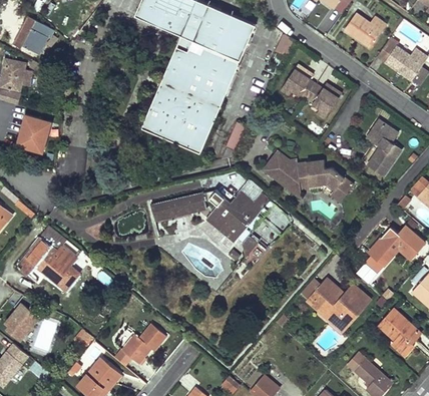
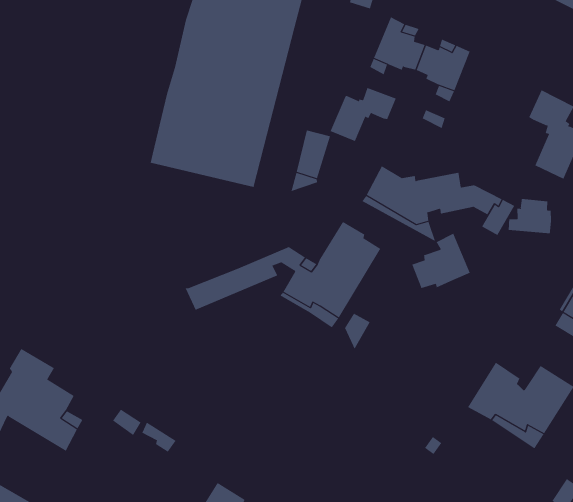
building: none -> [330,87,396,142]
building: none -> [508,198,552,234]
building: none -> [412,233,471,289]

